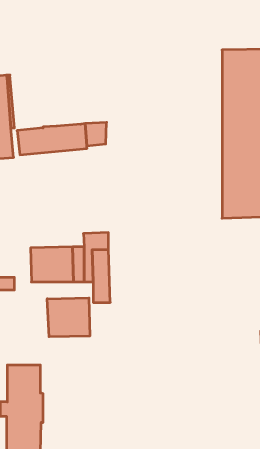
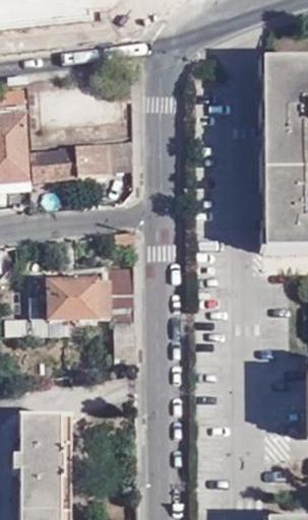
building: [47,298,90,337] -> none

